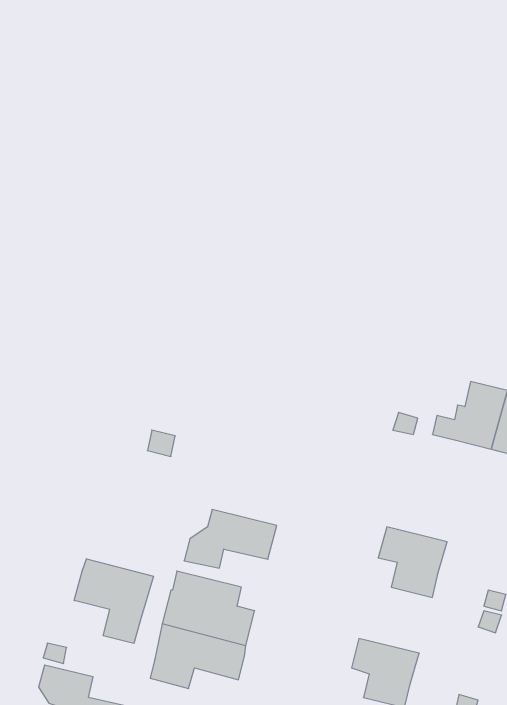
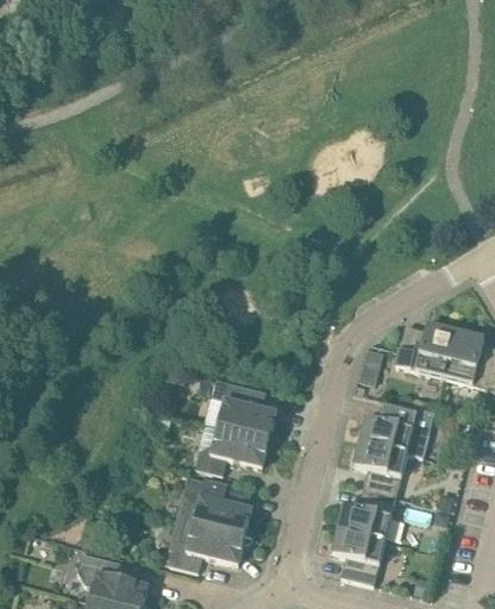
building: none -> [212,379,276,439]
building: none -> [358,400,433,458]
building: [74,559,154,643] -> none
building: none -> [336,489,395,542]

